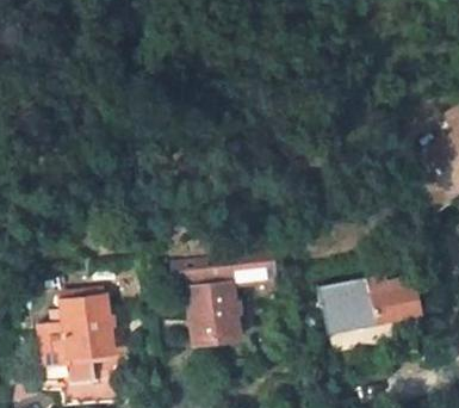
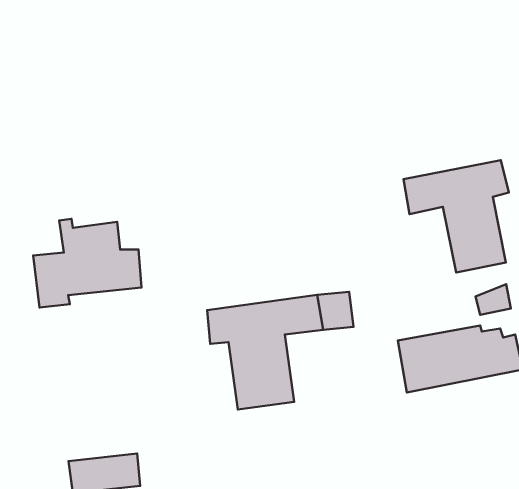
building: none -> [404,160,509,273]
building: [39,296,124,365] -> [33,219,142,307]

